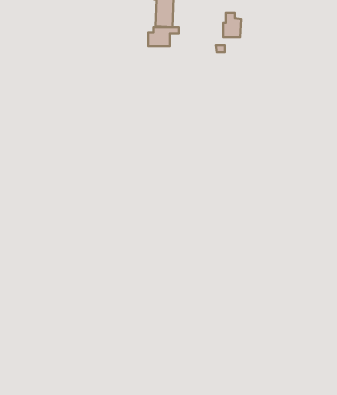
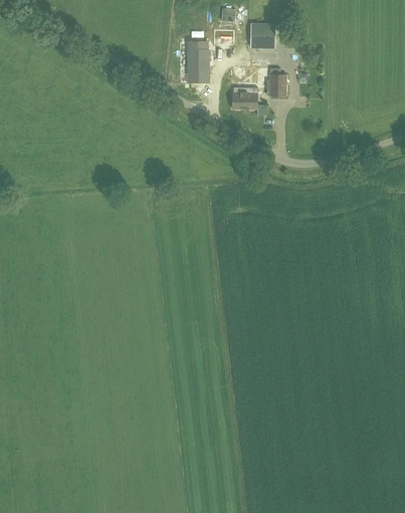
building: [148,27,179,46] -> [231,86,265,107]

